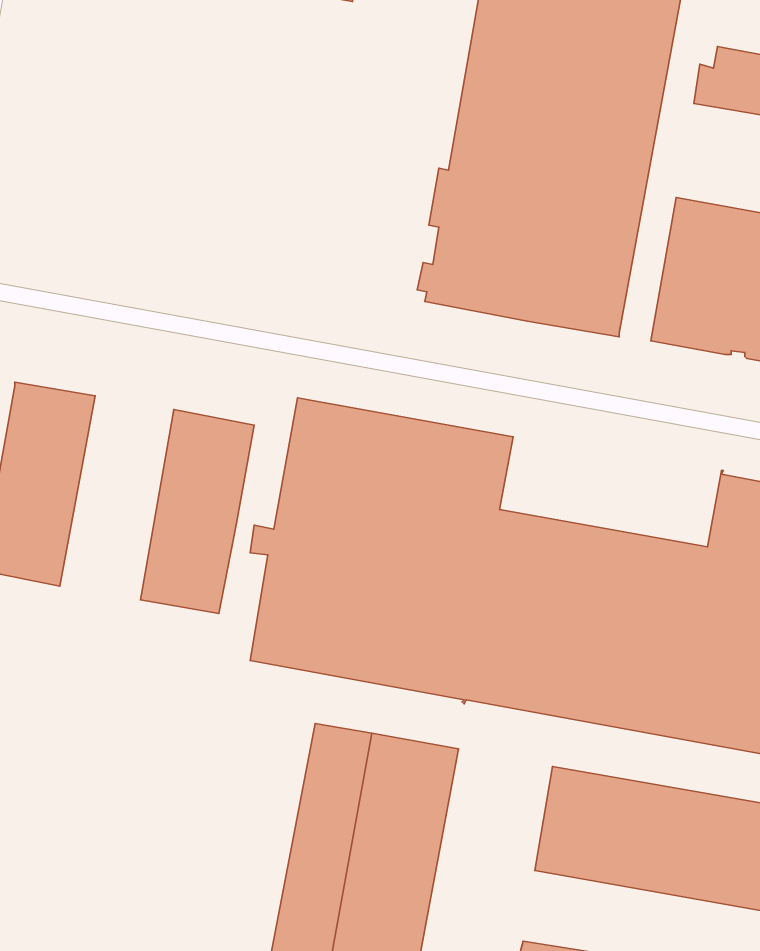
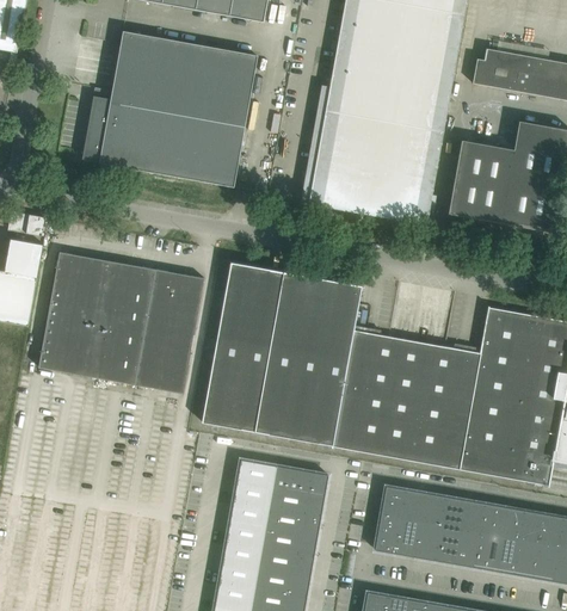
building: none -> [85,31,257,186]
building: none -> [86,260,155,384]

